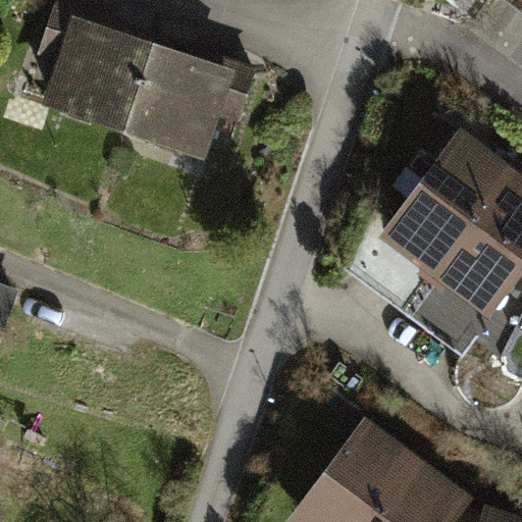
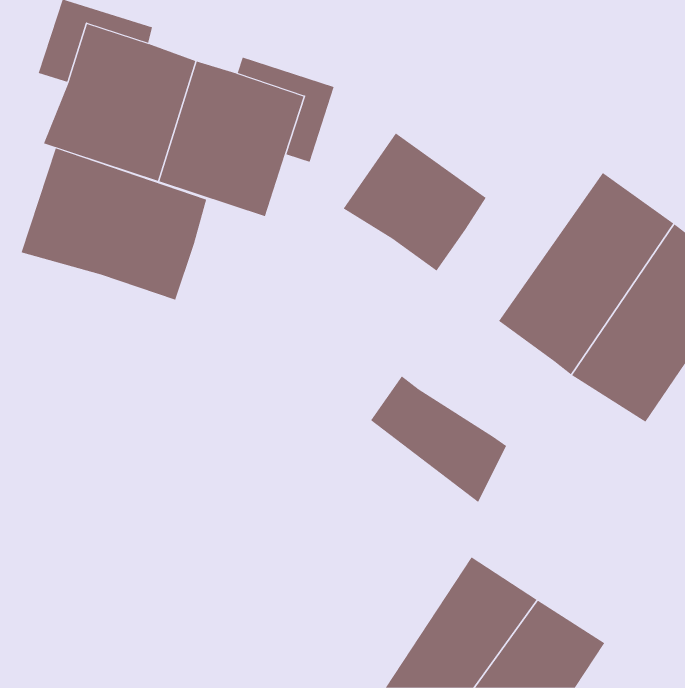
building: none -> [343,133,486,271]
building: none -> [21,148,207,301]
building: [399,272,502,368] -> [370,376,507,503]

